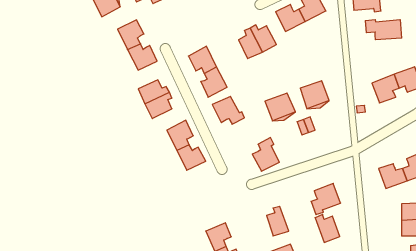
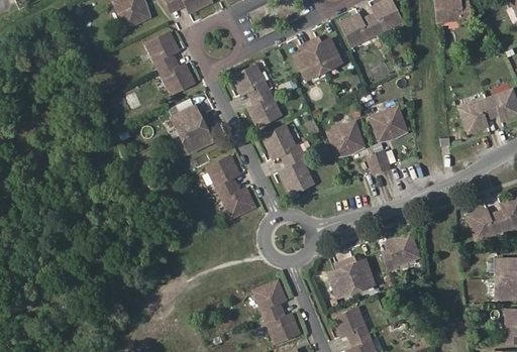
building: [365,20,402,40] -> none
building: [252,138,279,171] -> [280,152,313,194]
building: [315,214,340,242] -> [345,257,376,291]

